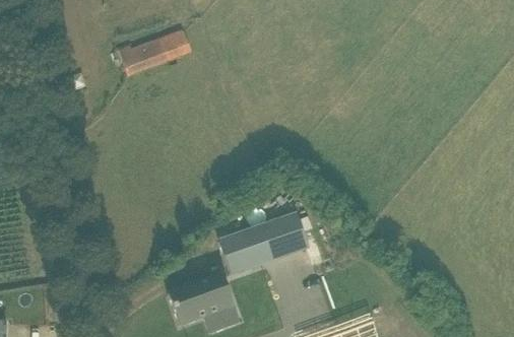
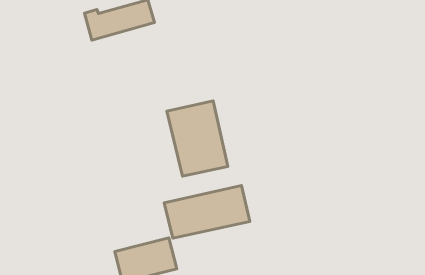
building: none -> [167,101,228,176]

